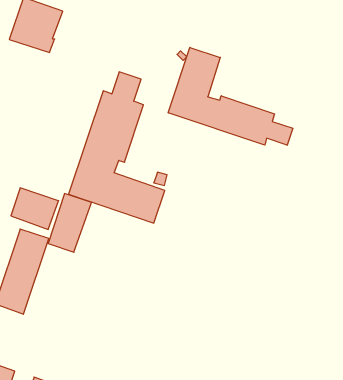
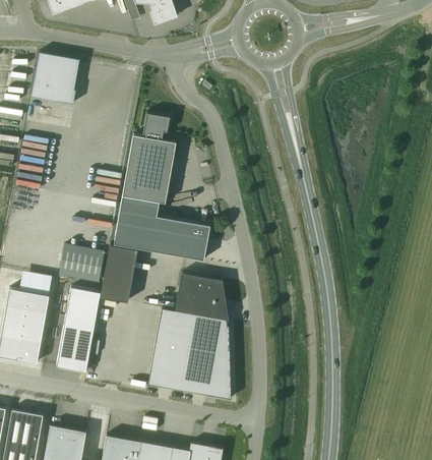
building: [168,47,293,145] -> none
building: none -> [148,273,232,399]

